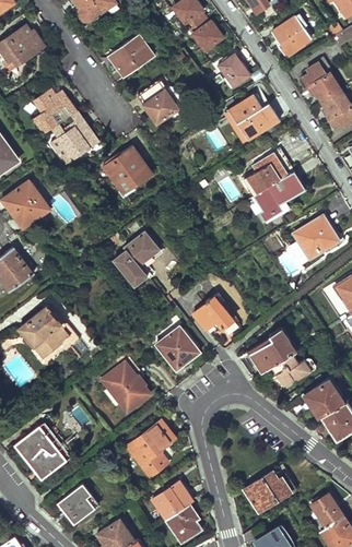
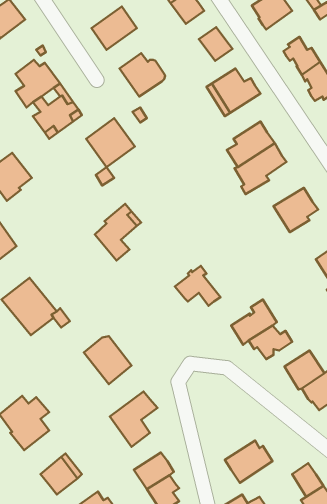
building: [155,328,198,367] -> none

